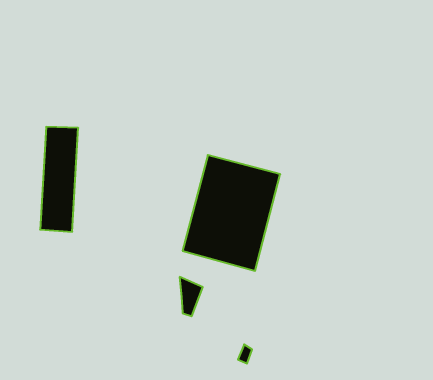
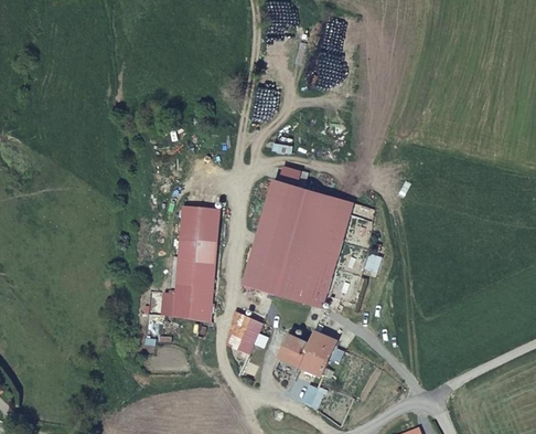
building: [40,127,78,232] -> [173,208,215,322]
building: none -> [281,330,340,378]

